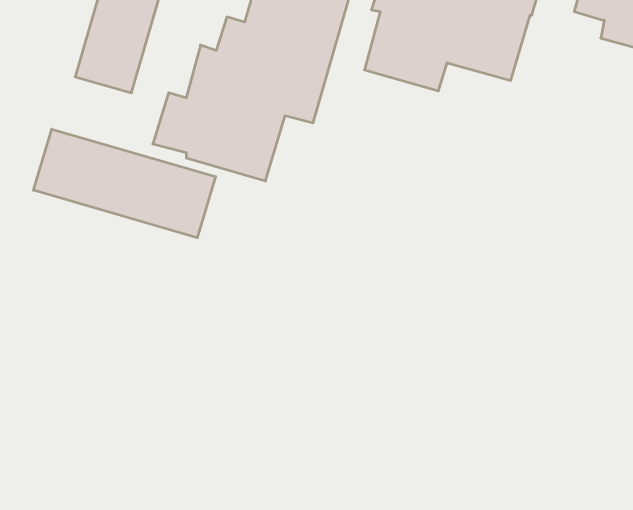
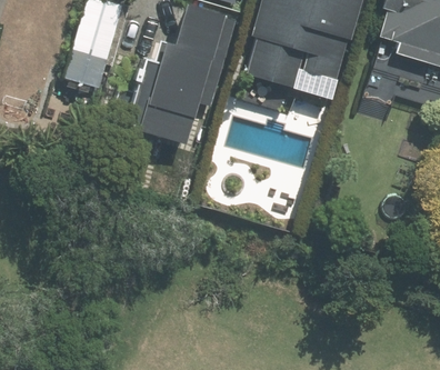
building: [33,129,216,238] -> none

